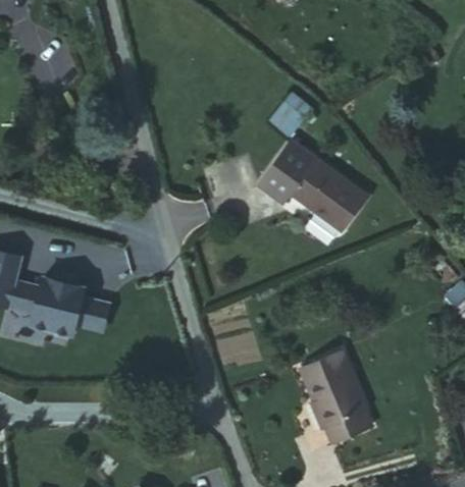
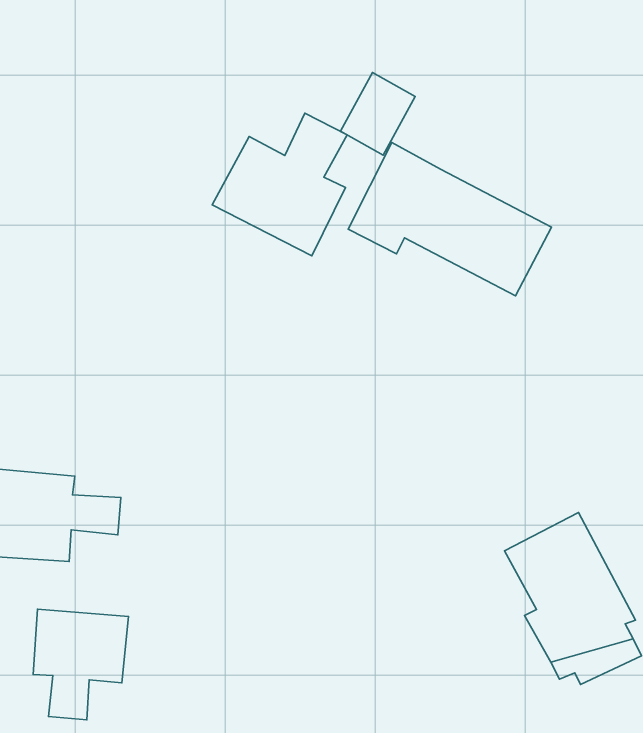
building: none -> [212,113,347,256]
building: none -> [33,609,128,720]

